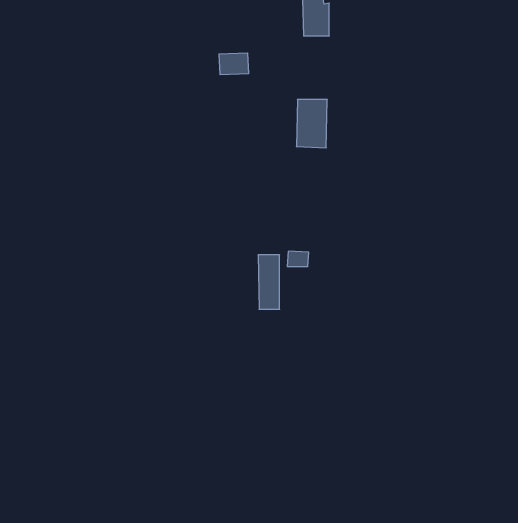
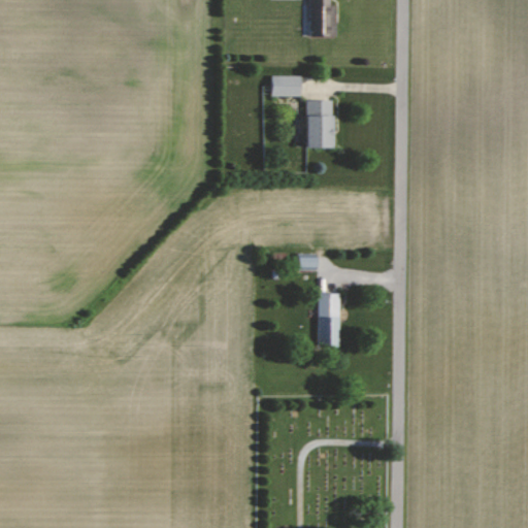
building: [219,53,249,75] -> [271,74,301,96]
building: [258,255,280,309] -> [319,293,340,348]

